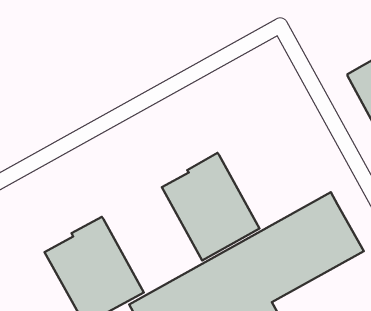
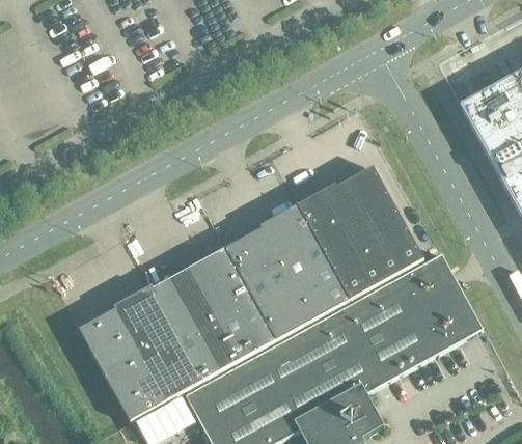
building: none -> [299,166,424,298]
building: none -> [155,246,279,379]

